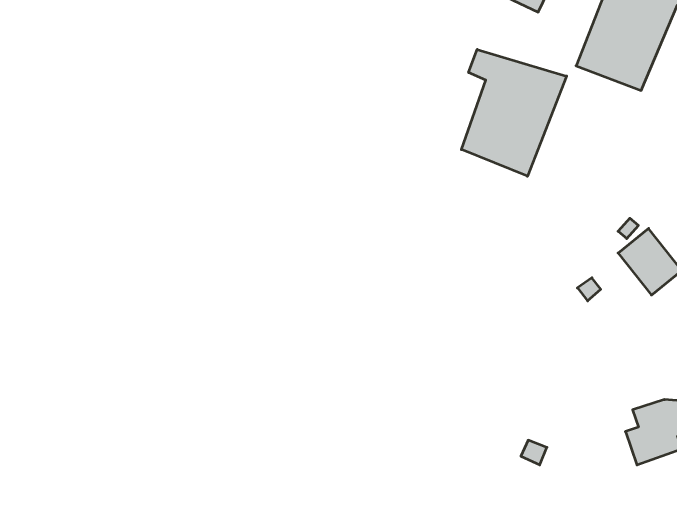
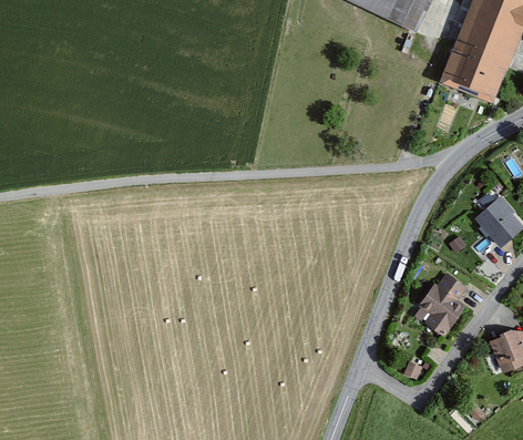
building: [461,49,567,176] -> none
building: none -> [420,270,466,335]

